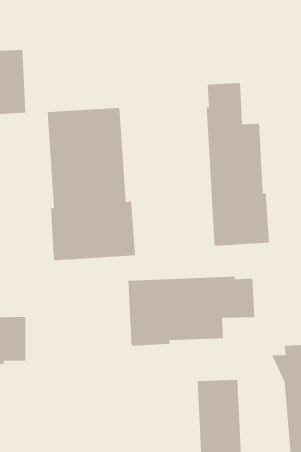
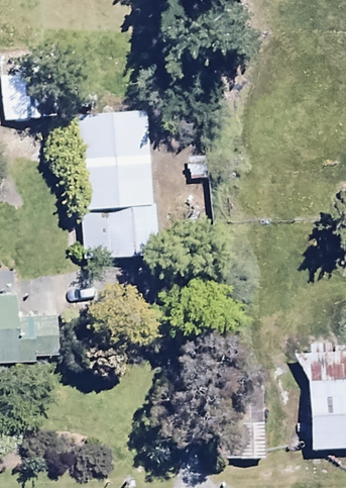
building: [206,82,269,247] -> none
building: [128,276,255,346] -> none

